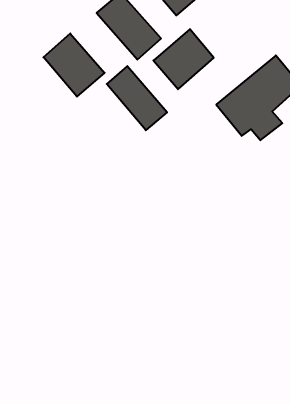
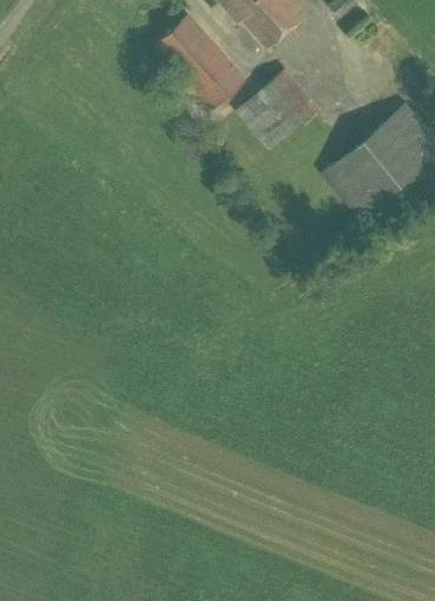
building: [43,33,105,97] -> none
building: [107,66,167,130] -> none

